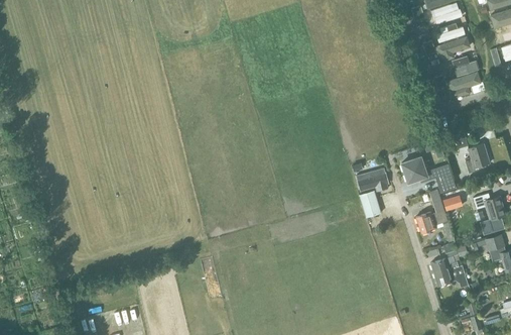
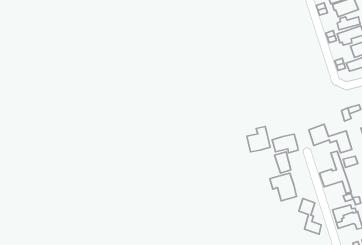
building: none -> [247,126,270,152]
building: none -> [270,173,296,201]
building: none -> [299,199,321,234]

